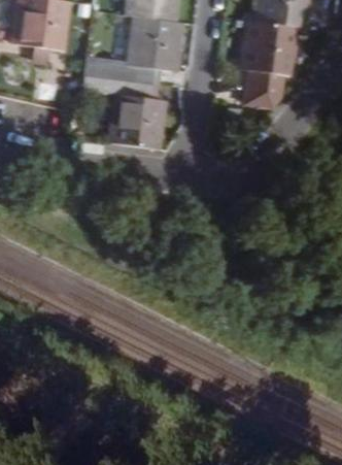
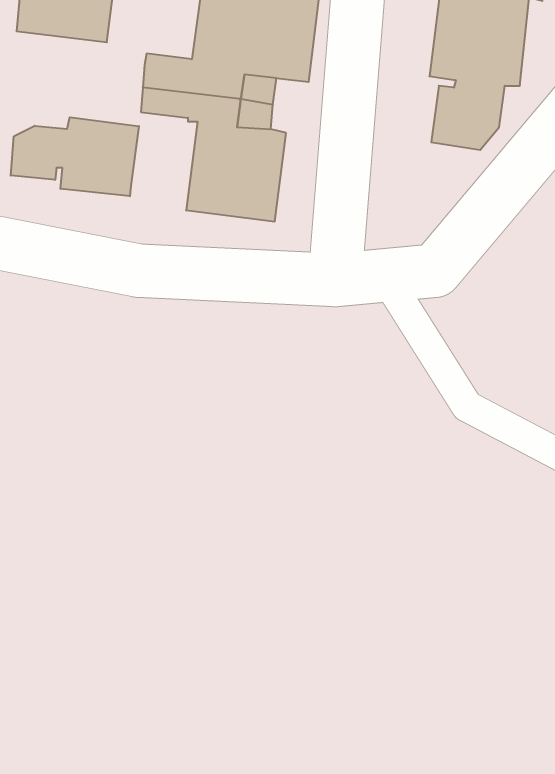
building: none -> [11,117,139,196]

